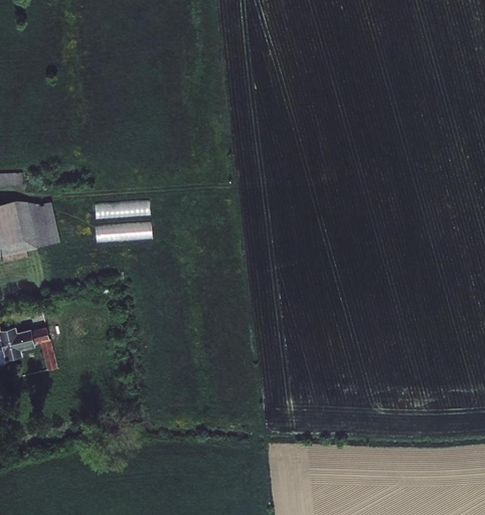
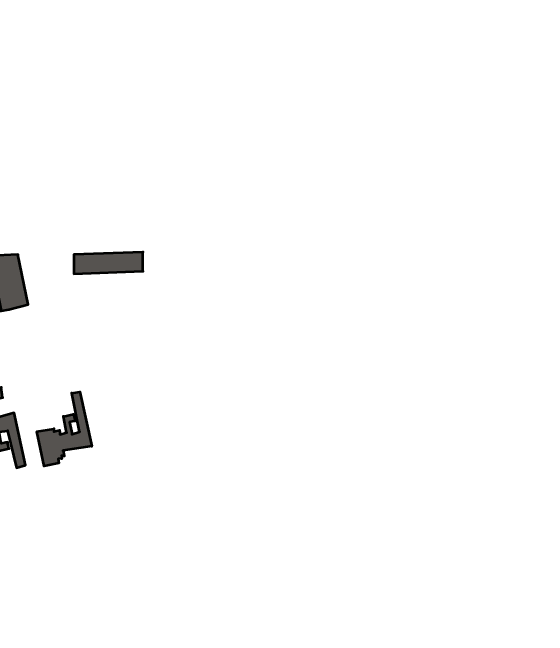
building: [94,223,150,240] -> none
building: none -> [37,392,92,466]

